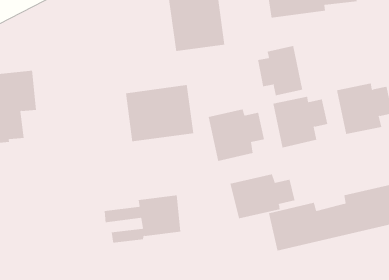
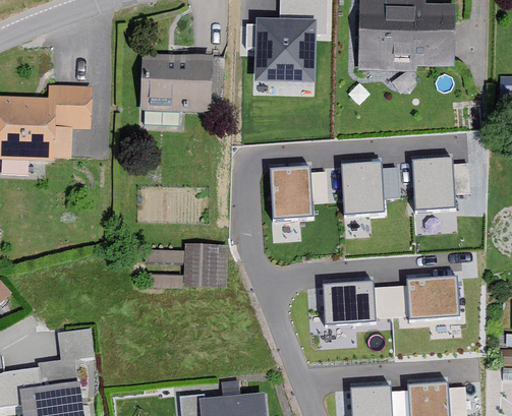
building: [257,45,303,96] -> none
building: [125,85,194,142] -> [139,57,210,112]
building: [230,174,295,219] -> none

